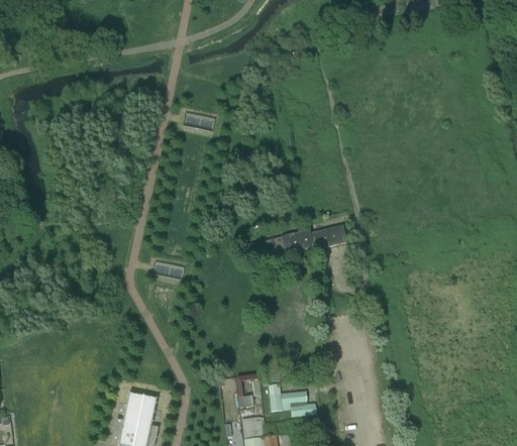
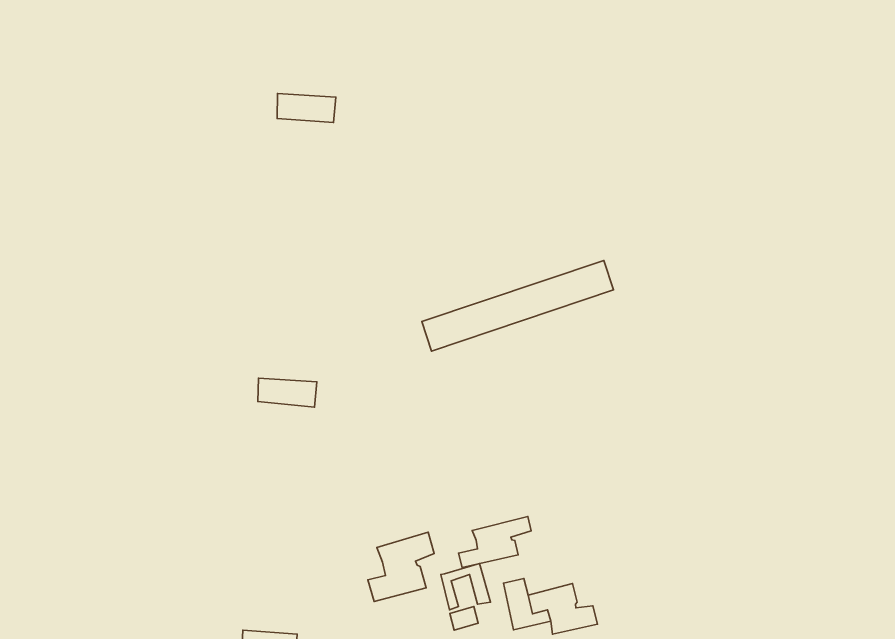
building: none -> [459,517,531,567]
building: none -> [368,532,434,601]

